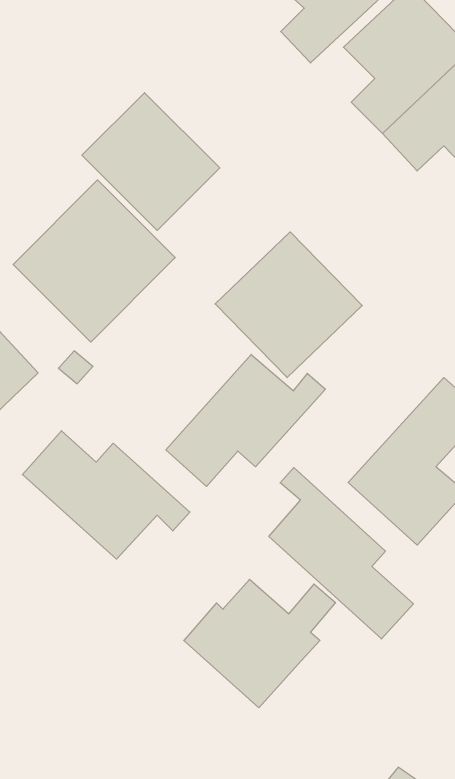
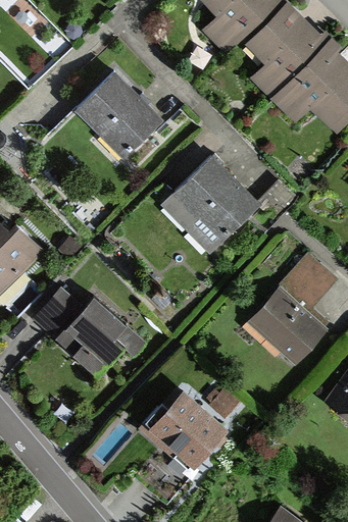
building: [13,180,175,342] -> none
building: [166,354,325,486] -> none
building: [269,468,413,639] -> none

